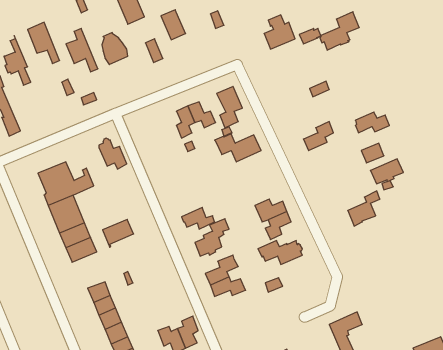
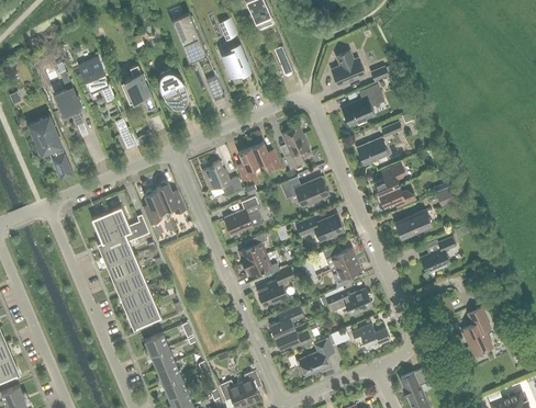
building: [320,12,359,50] -> [342,84,383,125]
building: none -> [357,138,388,165]
building: [355,112,389,133] -> [379,185,415,207]
building: none -> [202,161,243,196]
building: none -> [143,190,165,225]
building: none -> [224,196,264,235]
building: [370,159,403,184] -> [395,211,431,237]
building: none -> [295,215,344,241]
building: none -> [239,234,267,264]
building: [103,219,134,247] -> [127,302,160,331]
building: none -> [461,308,491,355]
building: none -> [351,324,390,350]
building: none -> [299,339,334,376]

